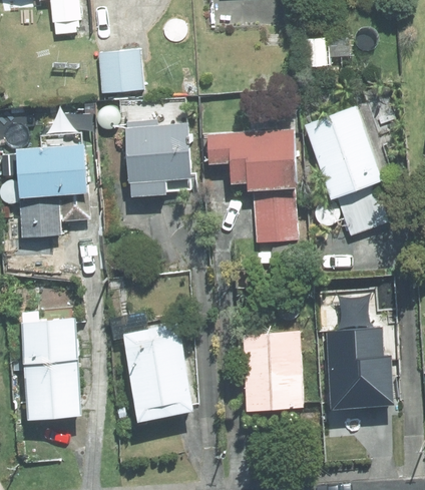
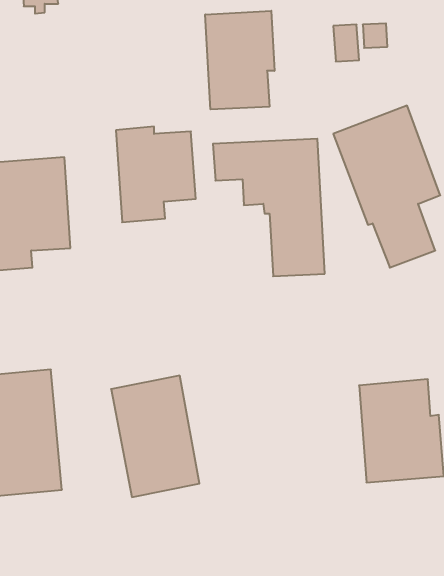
building: none -> [205,11,274,109]
building: [97,50,140,92] -> none
building: [242,330,303,412] -> none

